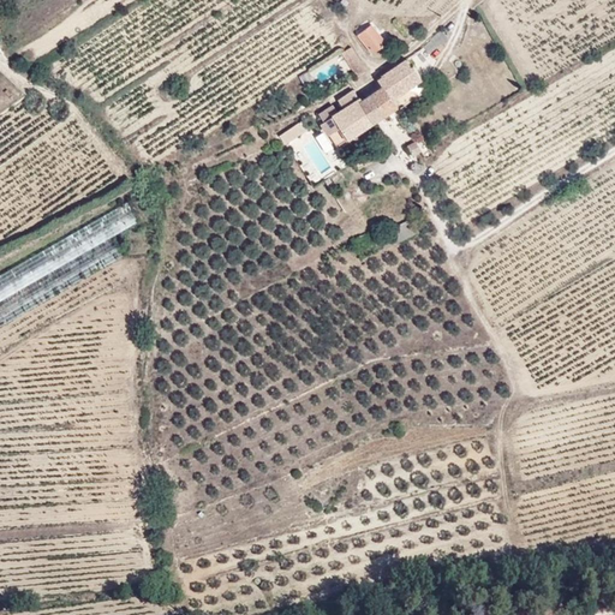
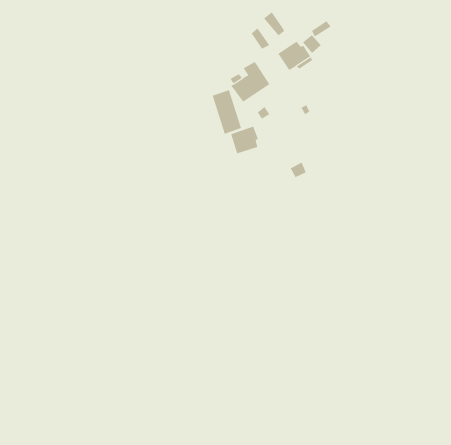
building: [353,83,394,124] -> none
building: none -> [230,126,258,154]

